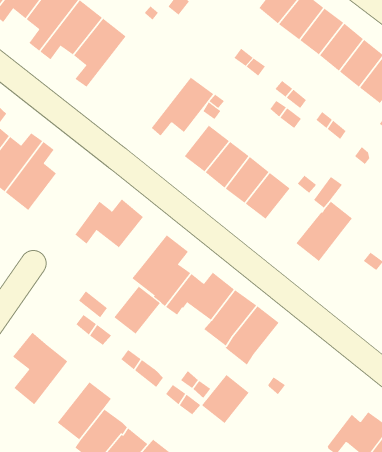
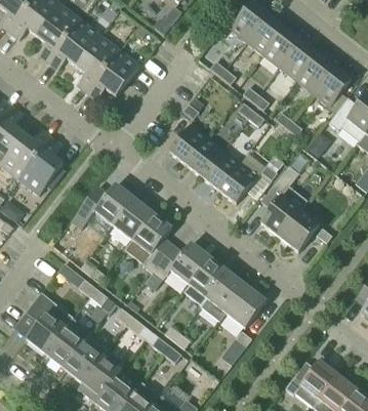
building: [151,77,214,137] -> [87,51,139,100]
building: none -> [279,210,318,251]
building: [114,286,161,334] -> [114,200,153,240]
building: none -> [44,319,90,369]
building: [201,374,250,424] -> [226,287,265,328]

